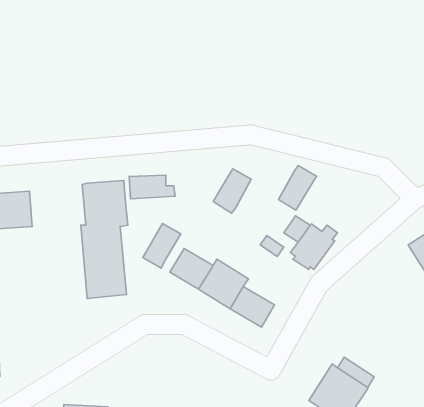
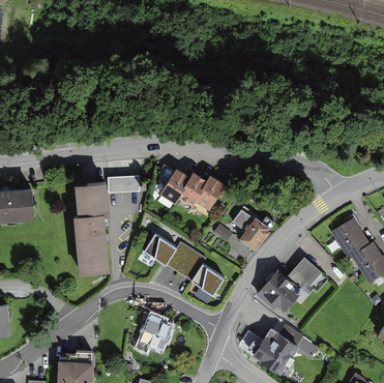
building: [279,166,317,210] -> [195,176,225,211]
building: [143,224,181,268] -> [159,169,189,204]
building: none -> [260,259,323,313]
building: none -> [136,314,173,352]

